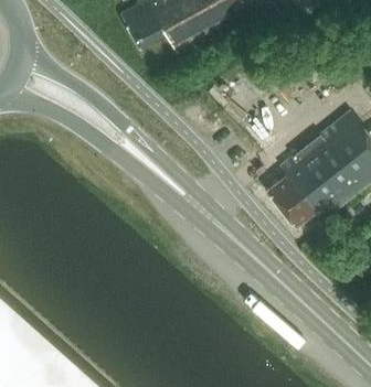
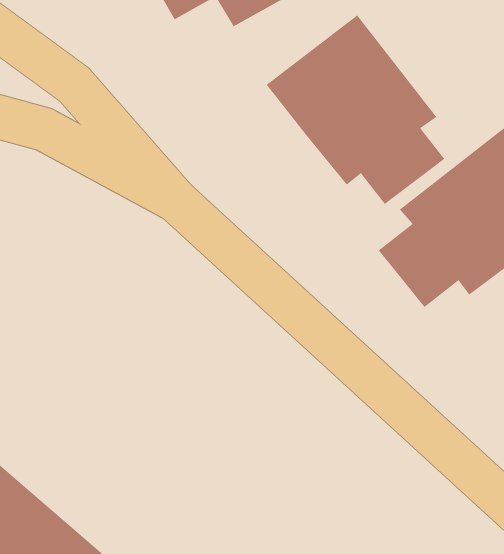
building: none -> [266,15,445,205]

